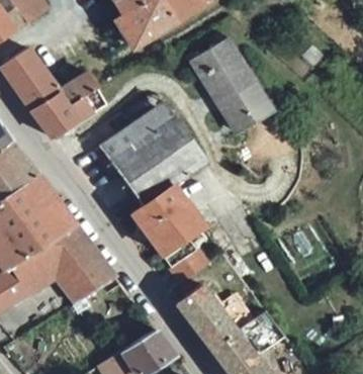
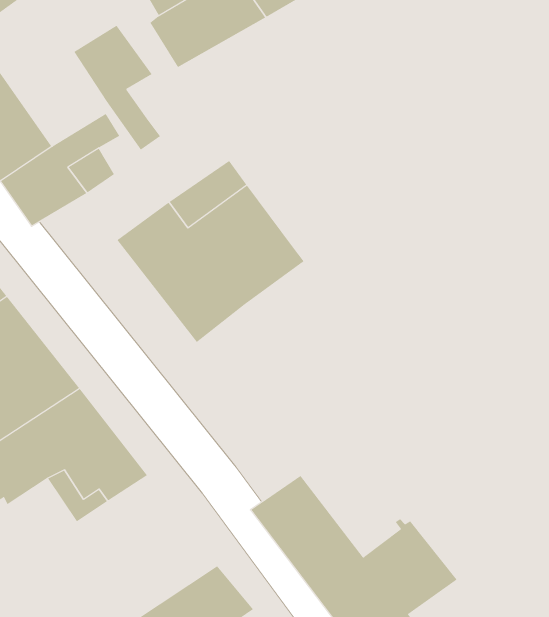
building: none -> [73,25,161,151]
building: [193,34,273,127] -> none
building: [130,182,205,278] -> none

